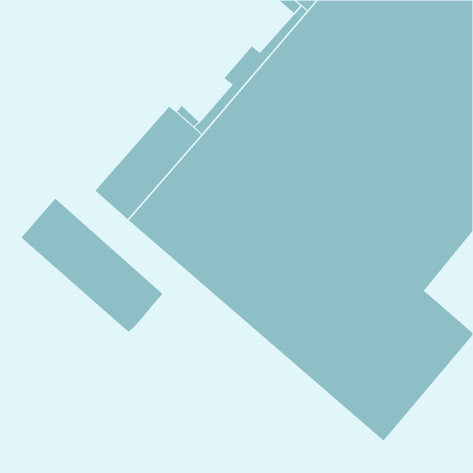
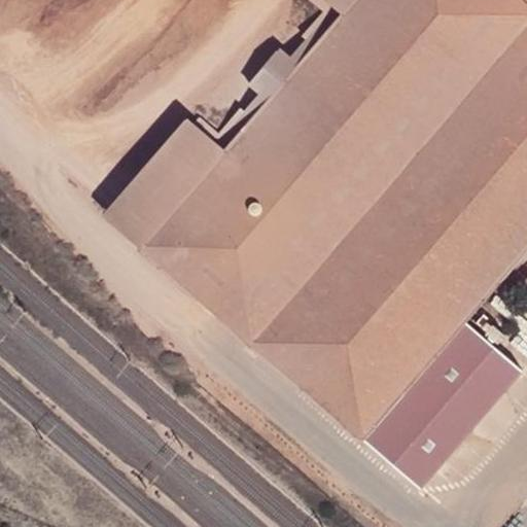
building: [20,198,163,333] -> none

